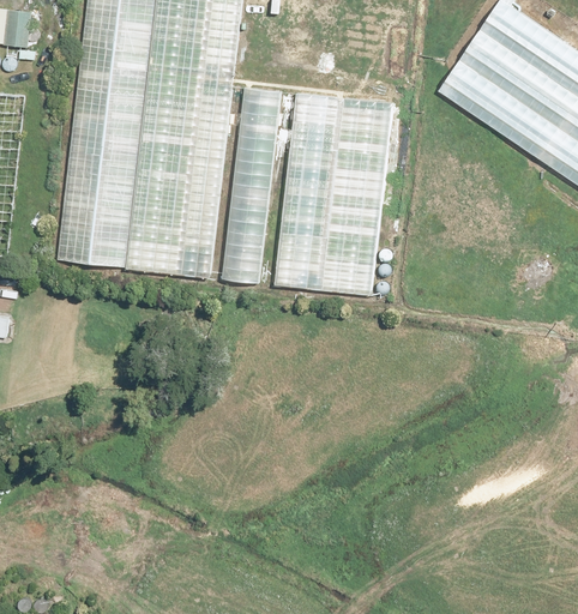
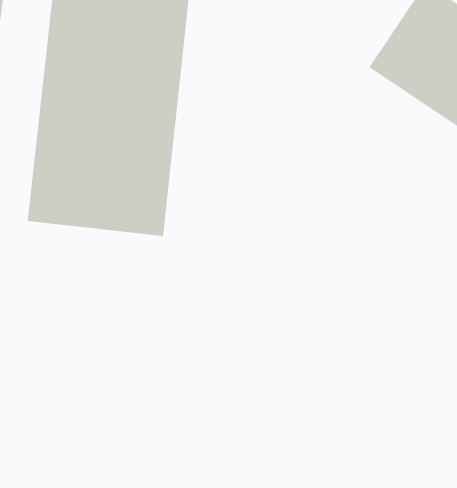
building: [218,88,283,284] -> none
building: [272,88,393,296] -> none

